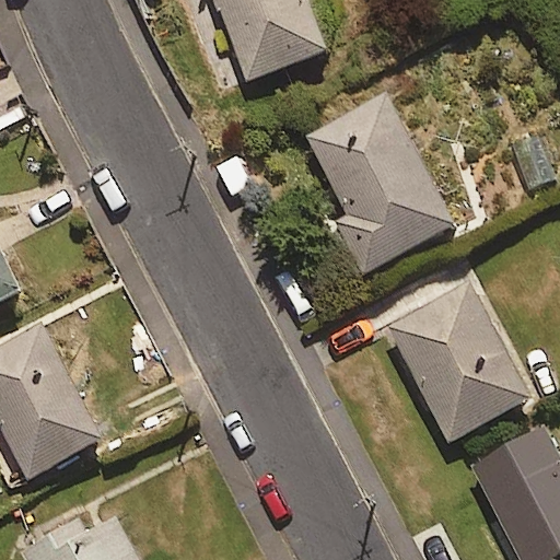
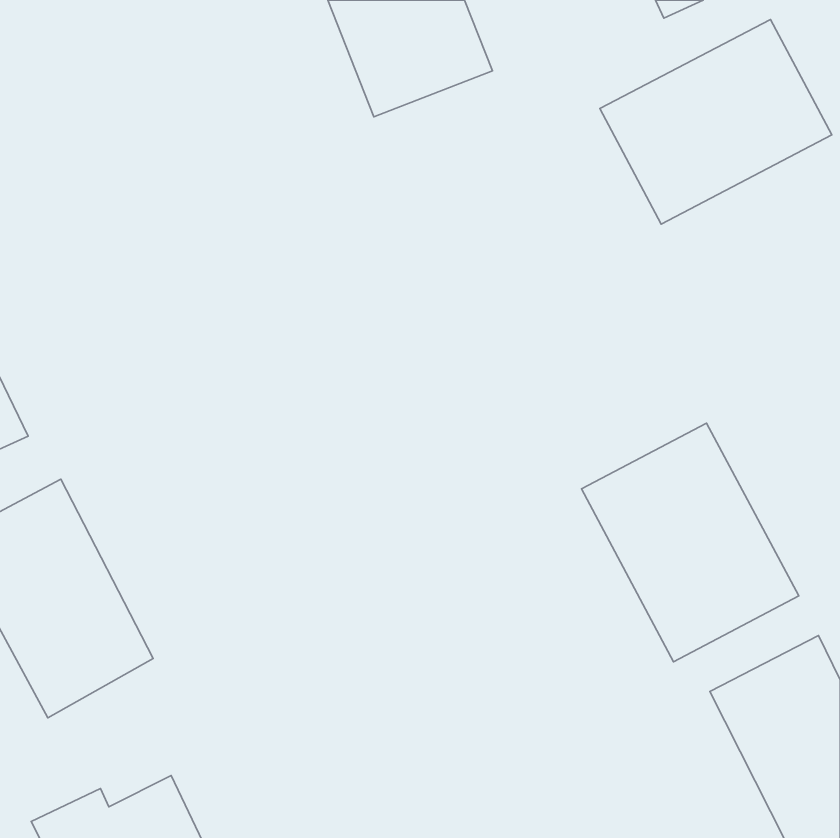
building: none -> [600,19,832,224]
building: [306,93,454,273] -> none

